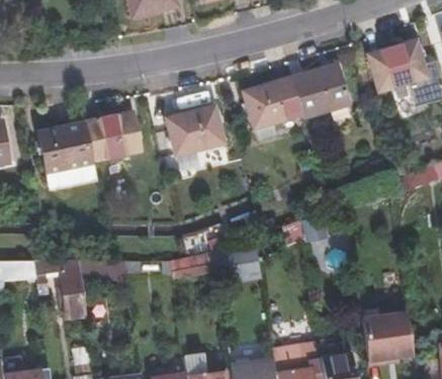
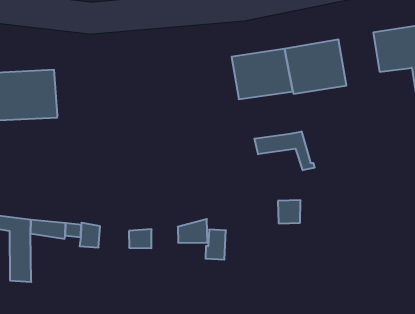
building: [168,108,228,156] -> none
building: [85,112,144,162] -> none
building: none -> [254,131,315,170]

